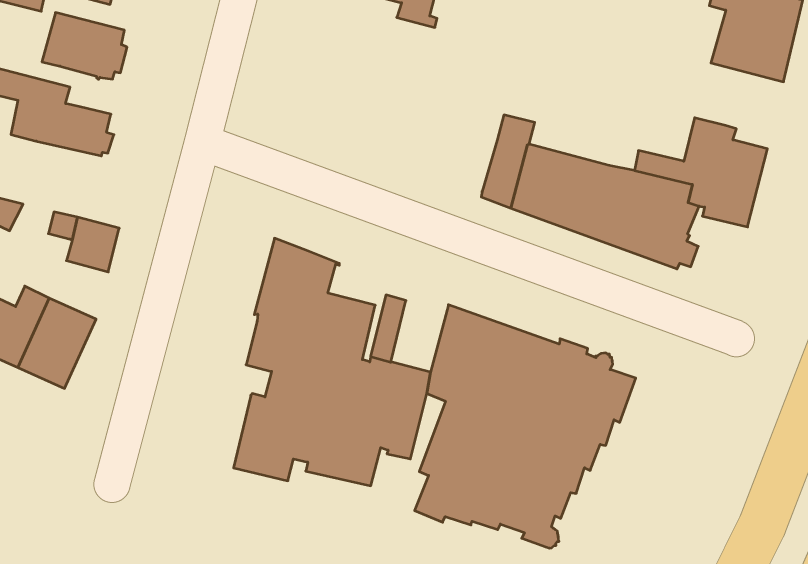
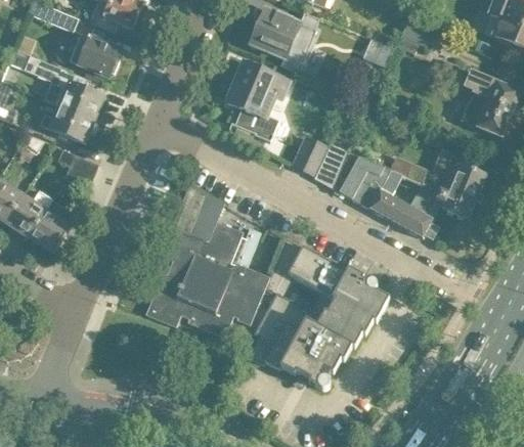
building: none -> [226,62,289,142]
building: none -> [293,136,329,175]
building: none -> [39,106,98,143]

